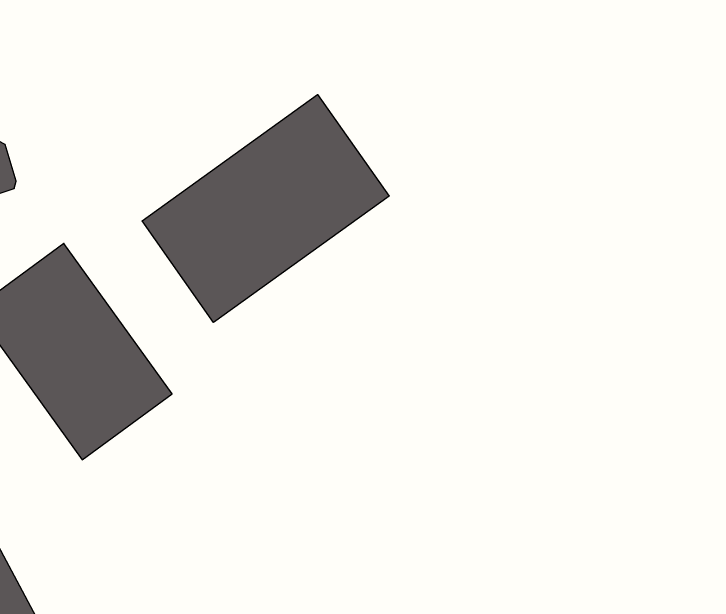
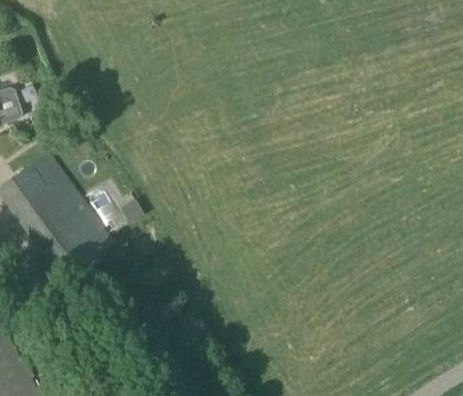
building: [142,95,389,322] -> none

